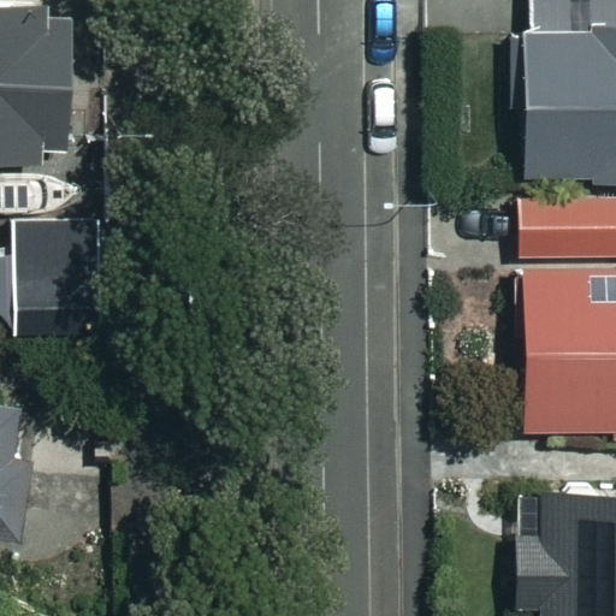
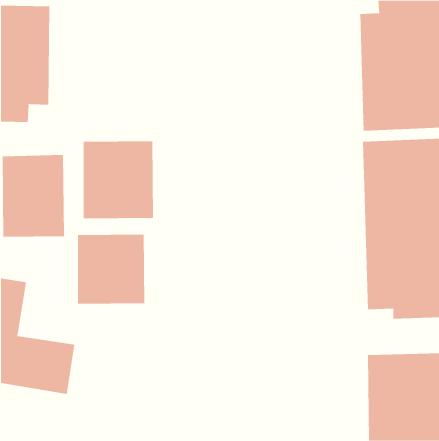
building: none -> [83,141,153,219]
building: none -> [77,234,145,305]

